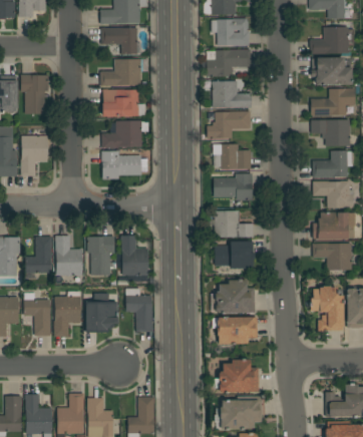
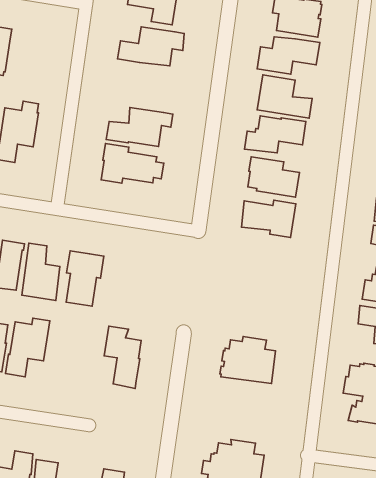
building: [20,75,48,114] -> none
building: [101,89,138,117] -> none
building: [206,211,253,238] -> none
building: [120,236,148,276] -> none
building: [215,242,254,269] -> none
building: [85,302,117,333] -> none
building: [212,318,257,345] -> none

